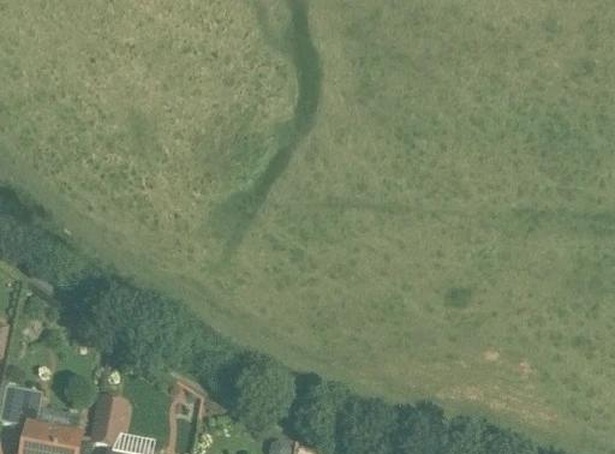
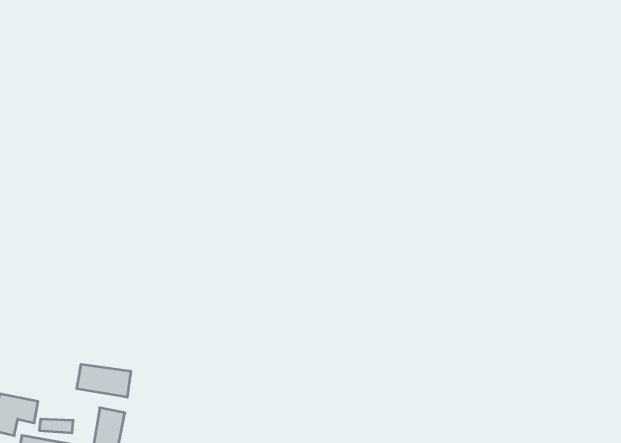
building: none -> [77,364,131,397]

